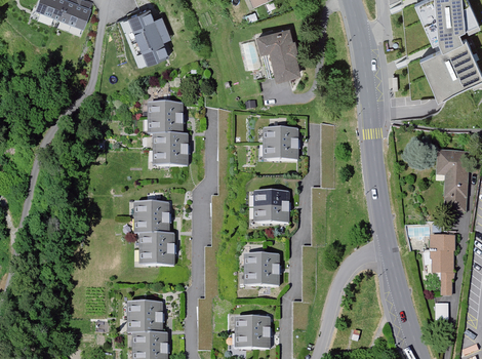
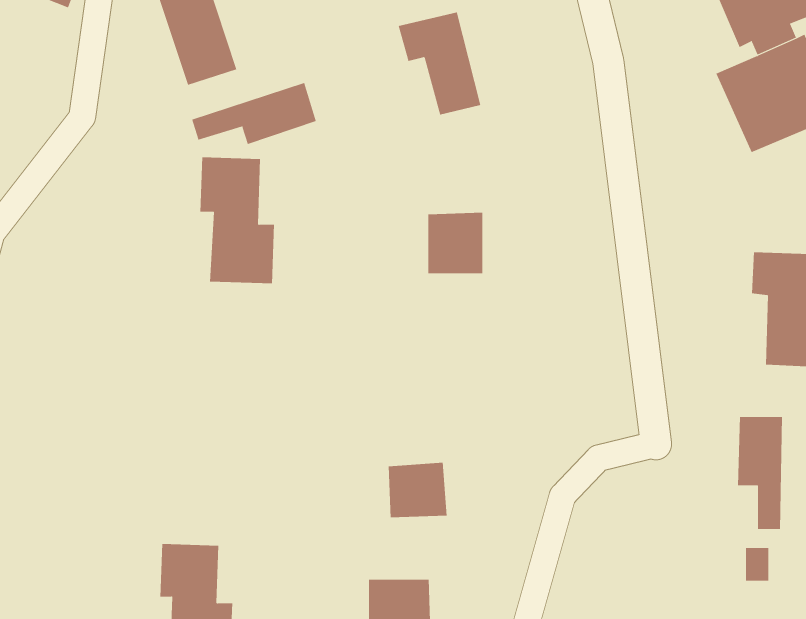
building: none -> [192,82,317,145]
building: [260,193,288,225] -> none
building: [137,200,174,266] -> none

